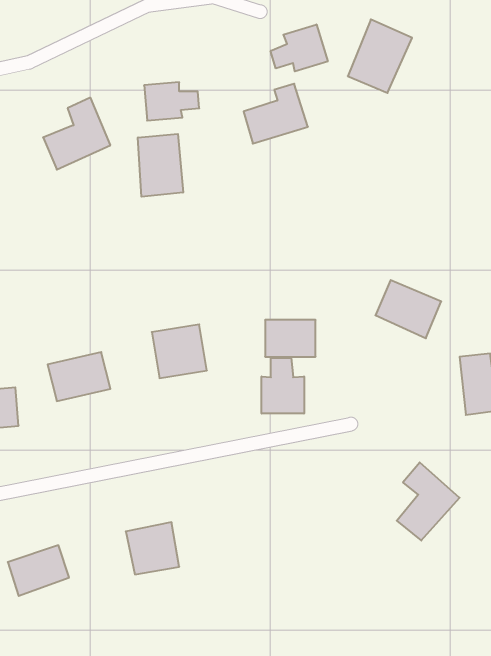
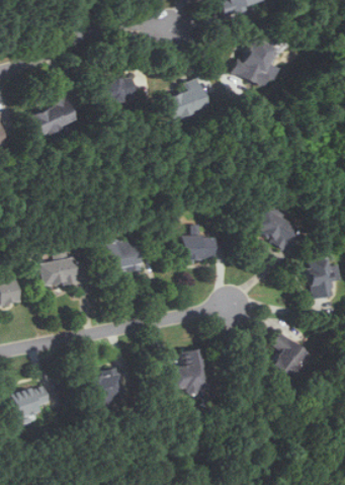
building: [271,24,328,71] -> none
building: [138,134,183,197] -> none
building: [262,358,304,414] -> none
building: none -> [171,346,212,394]

